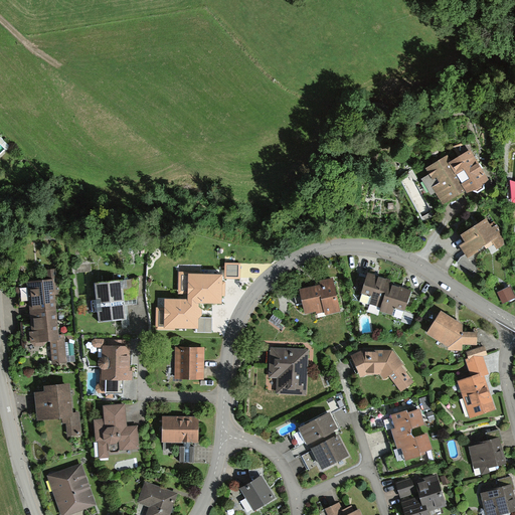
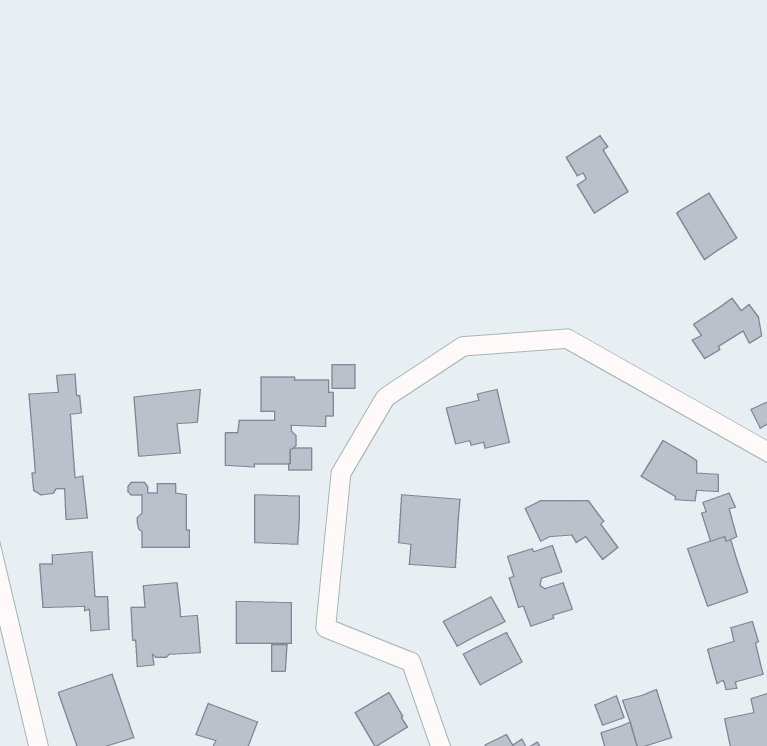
building: [424,155,465,205] -> [566,136,628,213]
building: [360,273,410,316] -> none
building: [389,408,432,461] -> [508,546,572,626]

